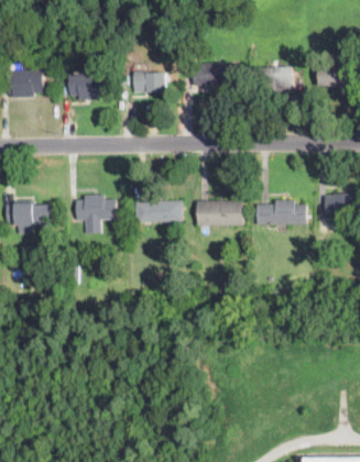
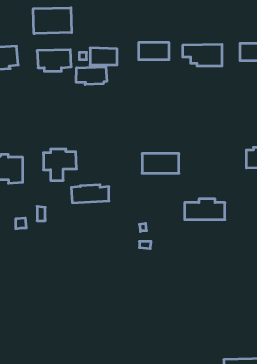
building: none -> [33,8,72,34]
building: none -> [76,67,107,85]
building: [255,200,305,226] -> [185,199,225,220]
building: [134,201,181,223] -> [71,185,109,203]

